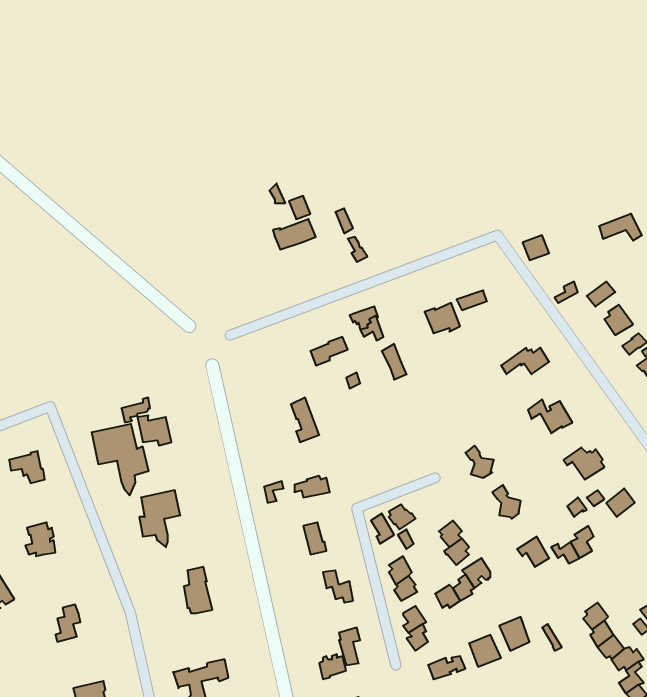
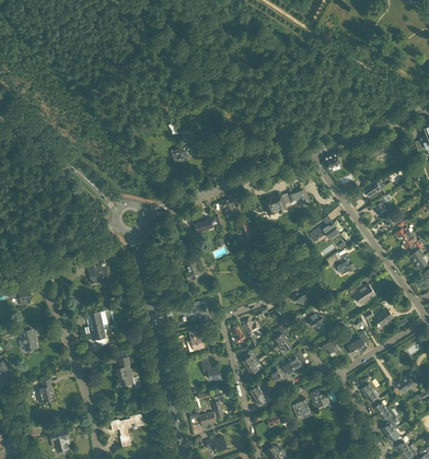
building: [92,424,148,495] -> none

